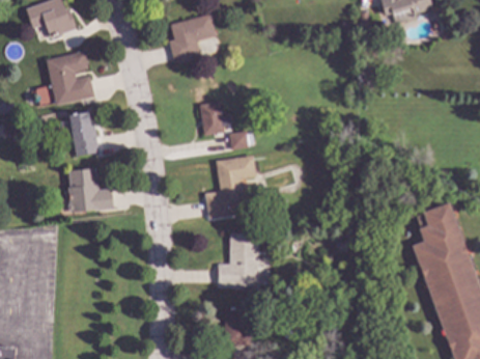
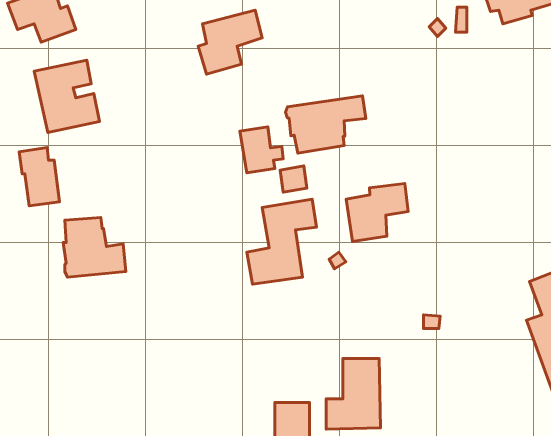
building: none -> [285,96,366,153]
building: [68,112,98,156] -> [19,148,60,206]
building: none -> [346,183,408,241]
building: [218,233,258,286] -> [326,358,380,429]

